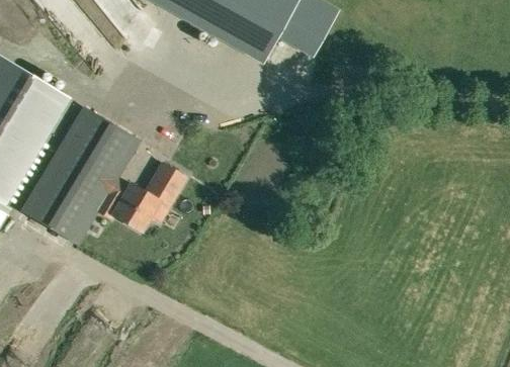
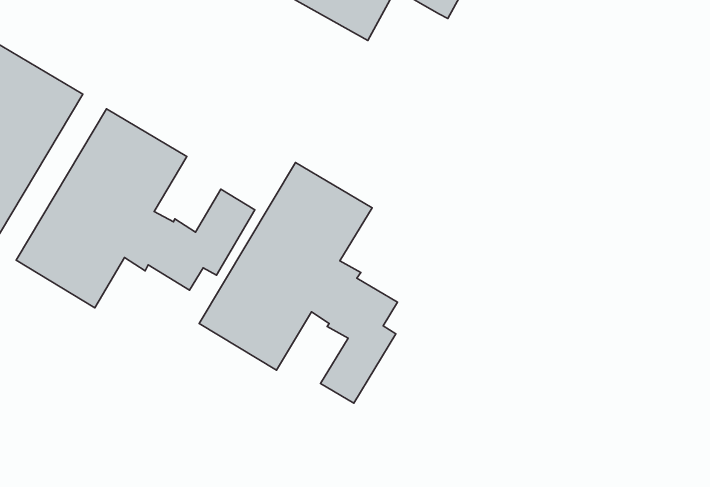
building: none -> [199,162,397,403]

